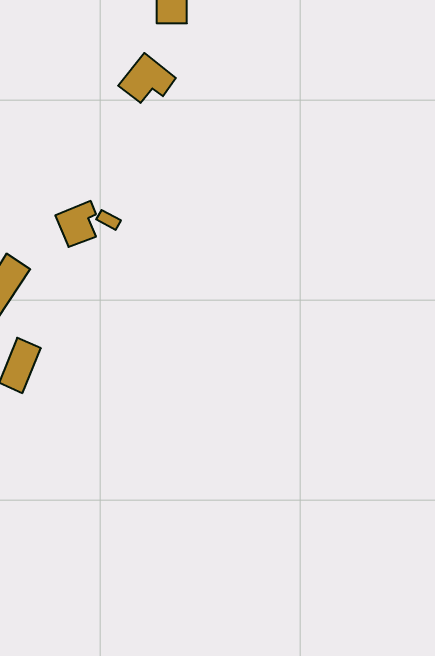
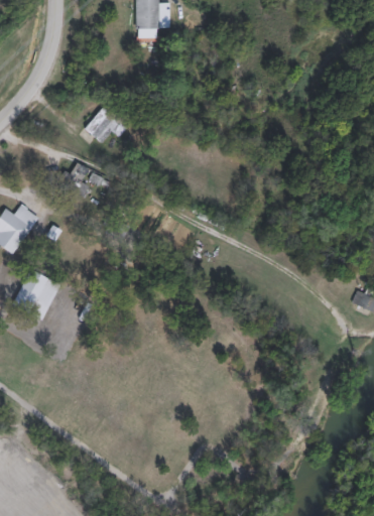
building: [118,53,176,103] -> [84,104,128,142]

